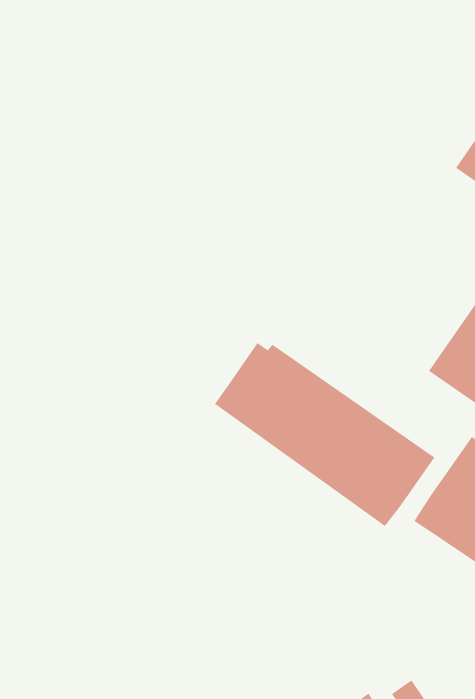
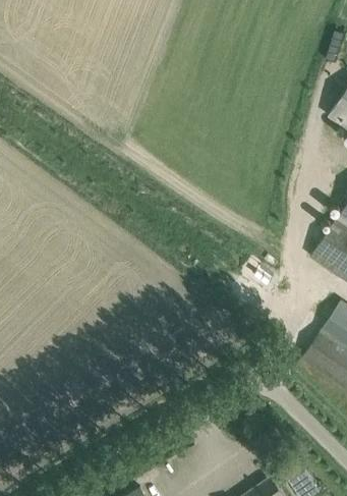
building: [214,342,435,527] -> none

